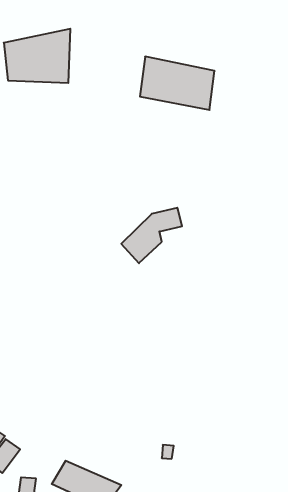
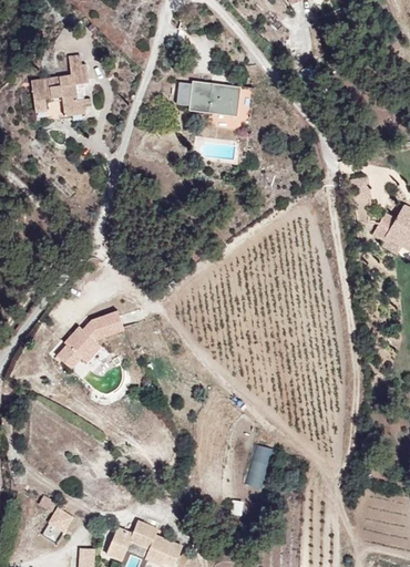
building: [121,208,182,263] -> [61,308,126,372]
building: none -> [244,444,270,488]

